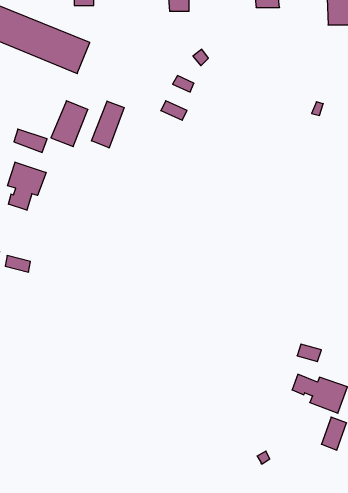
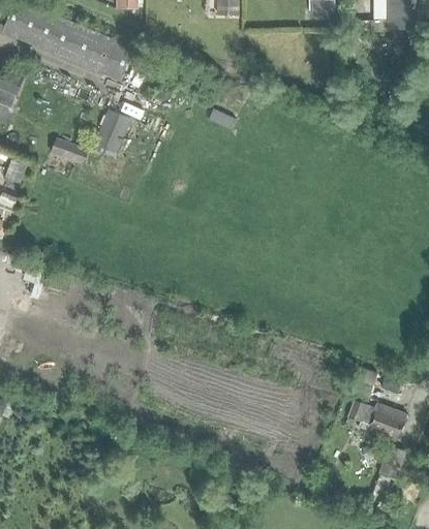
building: [91,101,124,148] -> none
building: [7,162,46,210] -> none

